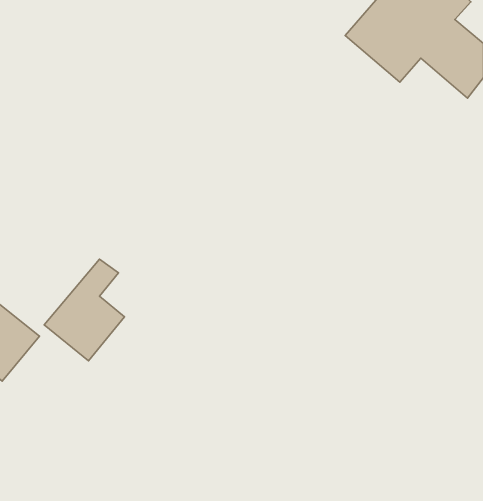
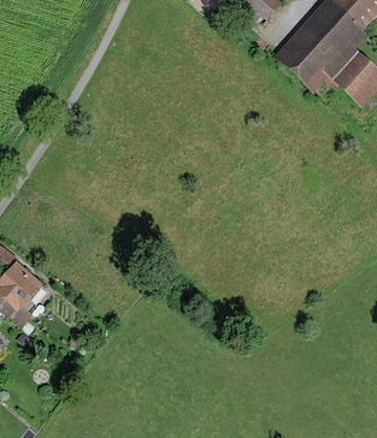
building: [44,259,125,361] -> none

